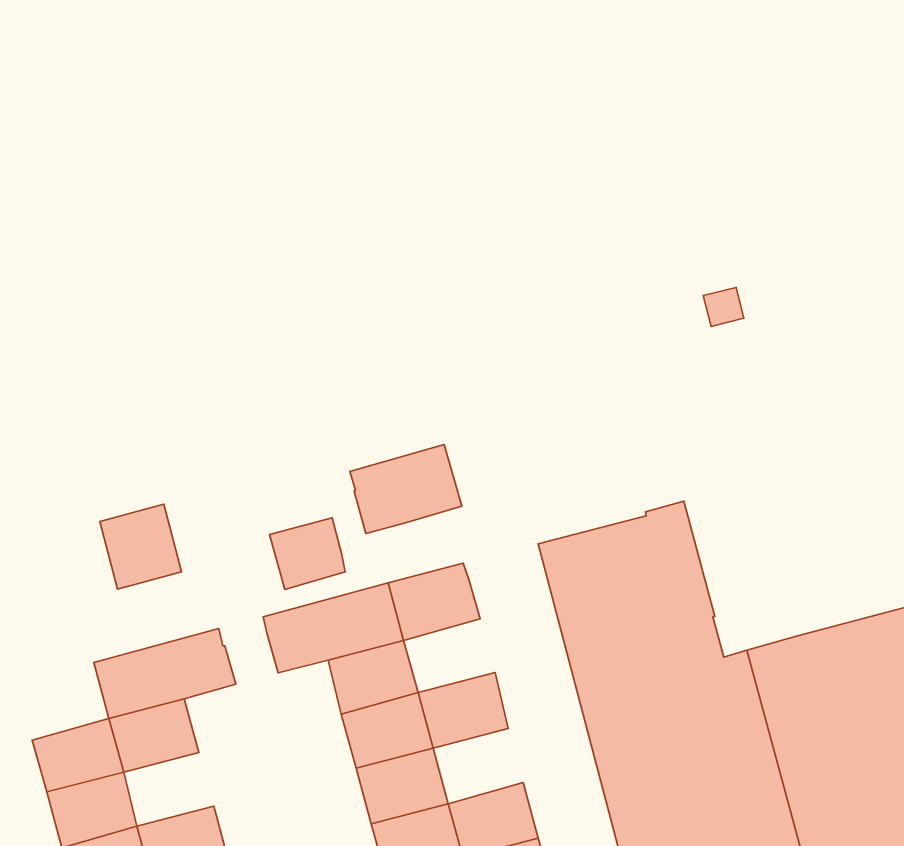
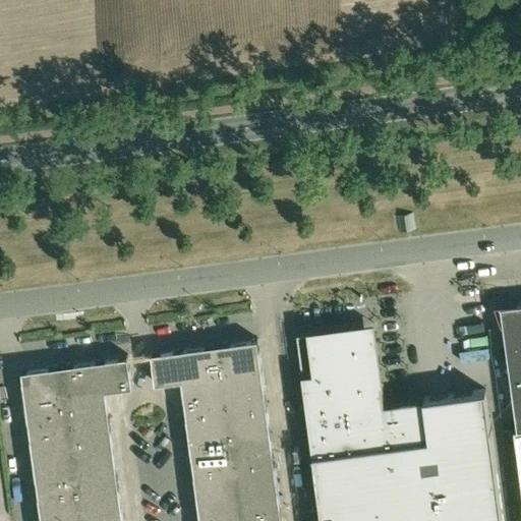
building: [350,445,462,534] -> none
building: [100,504,182,589] -> none
building: [269,518,345,589] -> none
building: none -> [220,374,265,408]
building: none -> [20,371,64,407]
building: none -> [228,432,272,467]
building: none -> [68,424,112,458]

